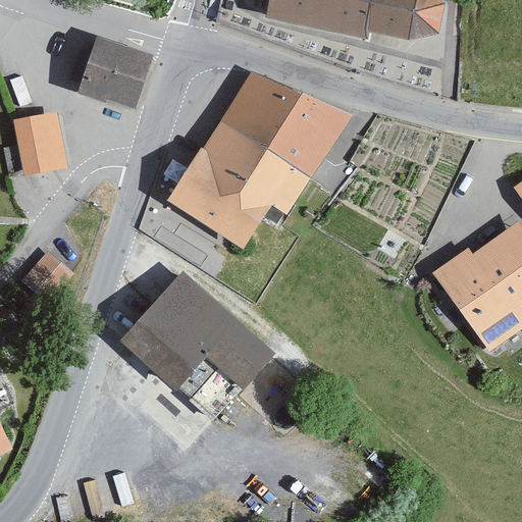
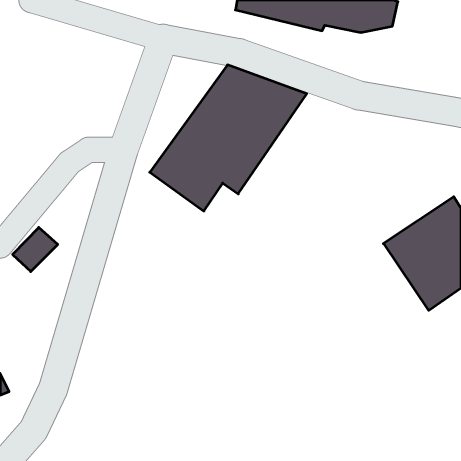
building: [85,38,149,98] -> none
building: [13,118,62,176] -> none
building: [126,284,267,422] -> none

